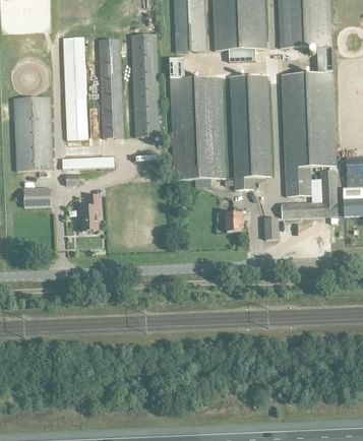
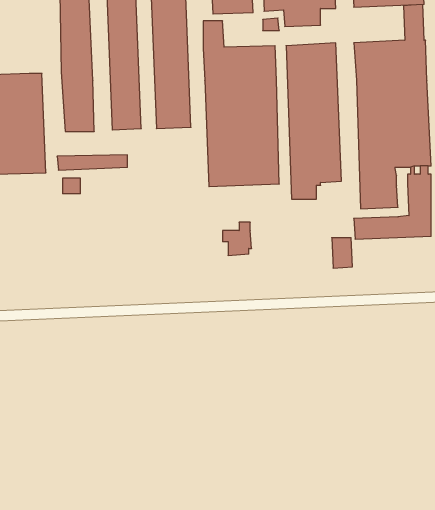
building: [23,188,51,207] -> none
building: [79,195,101,231] -> none
building: [222,207,243,232] -> [223,222,252,255]

